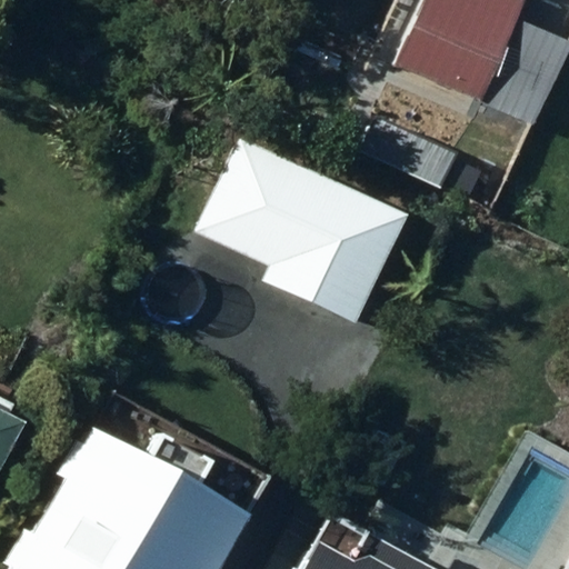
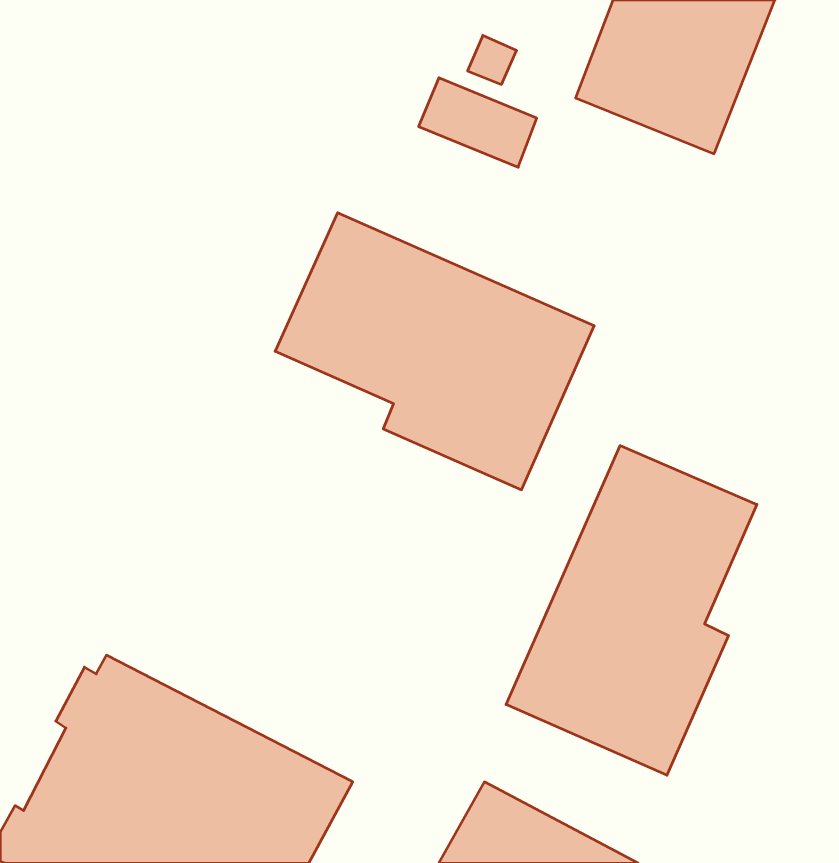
building: none -> [506,446,757,775]

